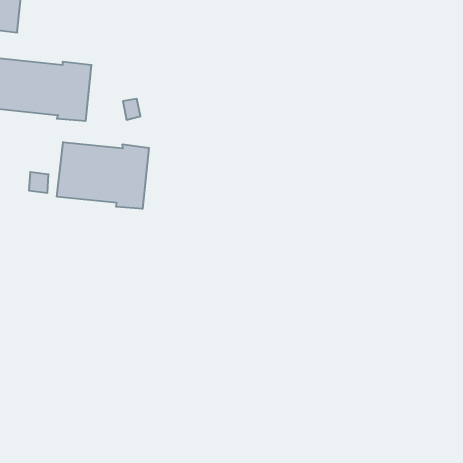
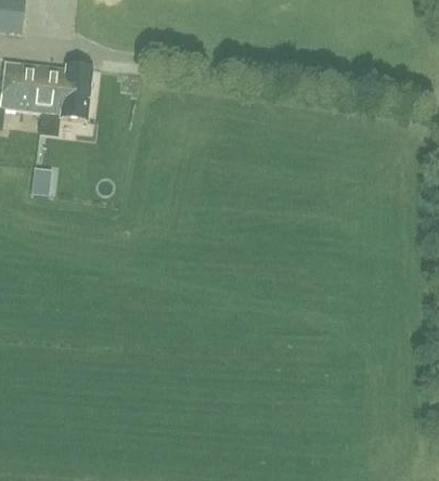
building: [57,142,149,209] -> none

